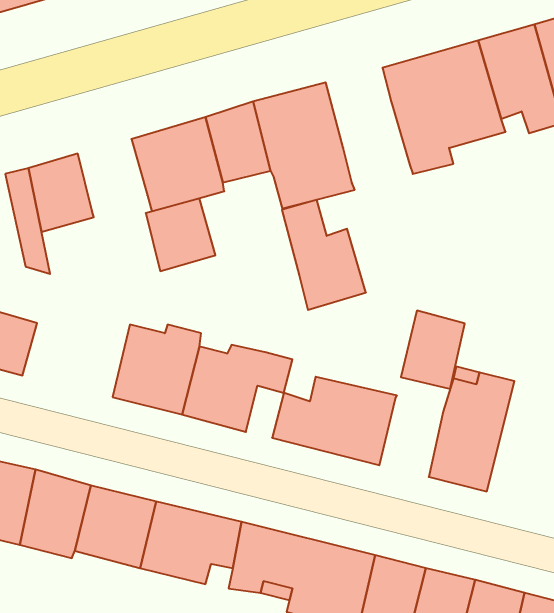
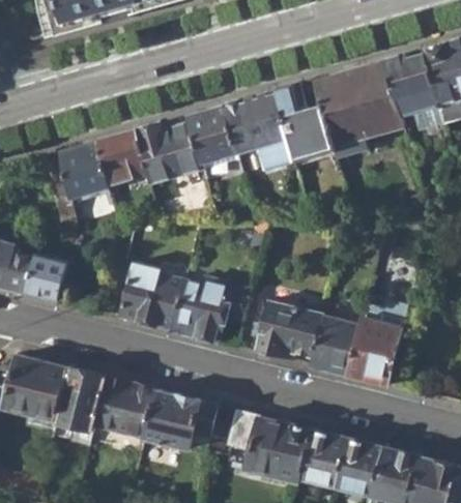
building: [146,199,215,271] -> [96,131,146,183]
building: [282,200,366,310] -> [273,84,334,162]
building: [401,311,465,389] -> [312,317,357,373]

